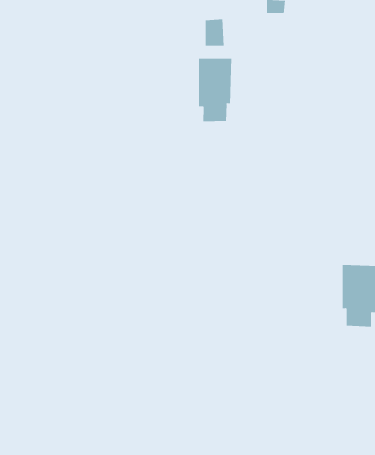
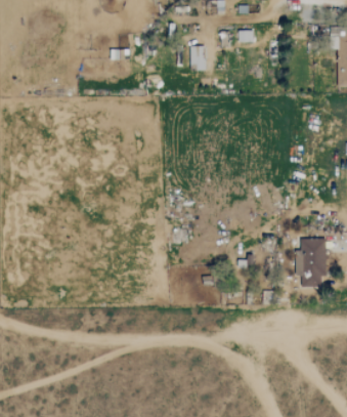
building: [198,58,232,122] -> none

